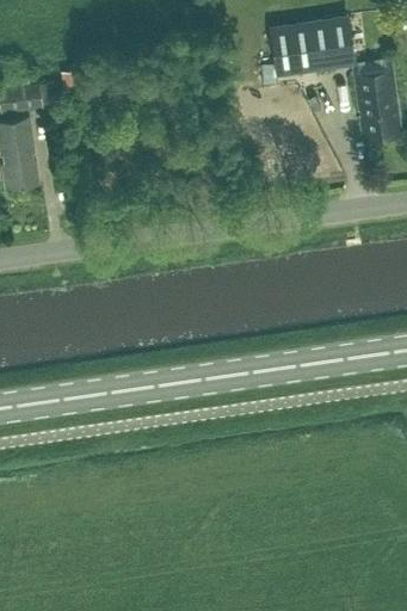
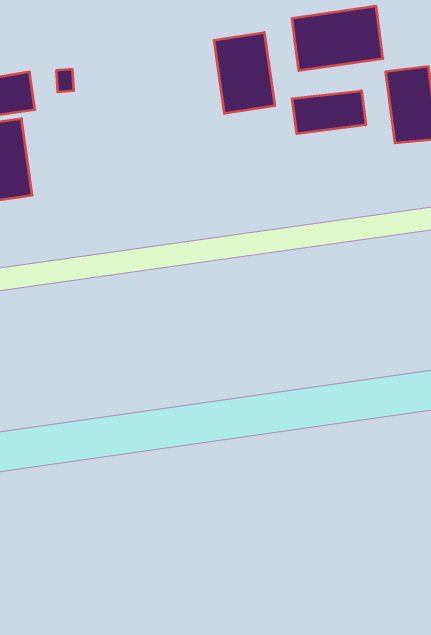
building: none -> [214,32,275,114]
building: none -> [292,91,366,134]

